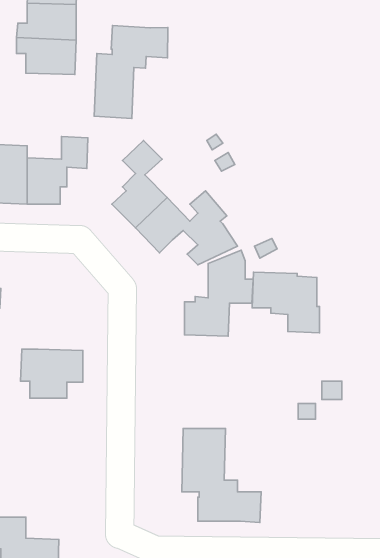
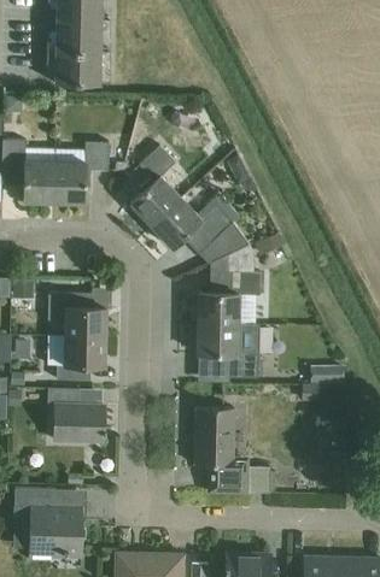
building: [94,26,168,119] -> none
building: [252,272,320,333] -> [198,322,259,377]
building: none -> [46,293,107,336]
building: none -> [49,388,106,440]

